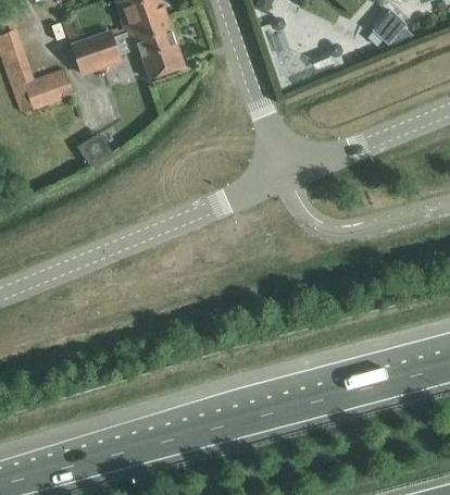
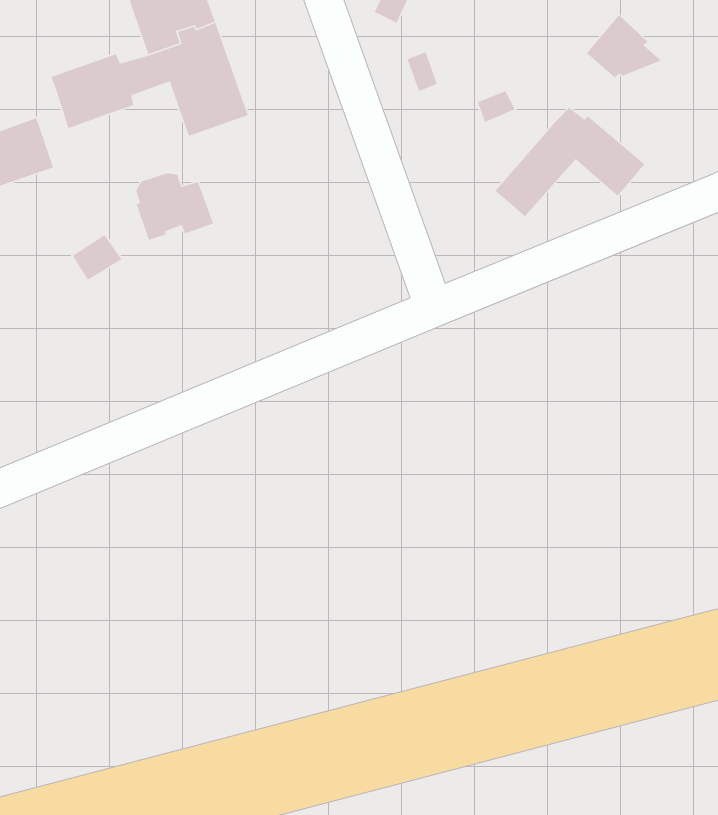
building: none -> [495,107,646,217]
building: none -> [135,173,214,241]

